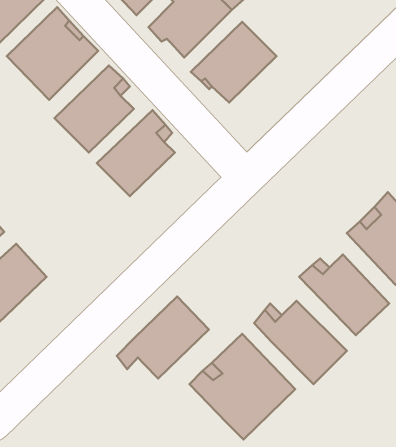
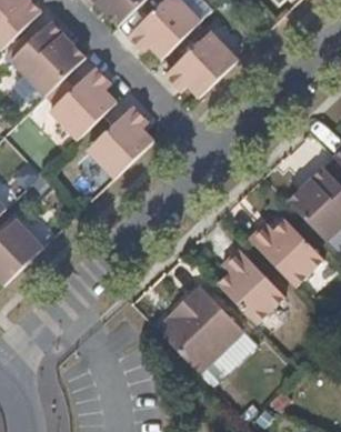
building: [117,297,209,379] -> none

